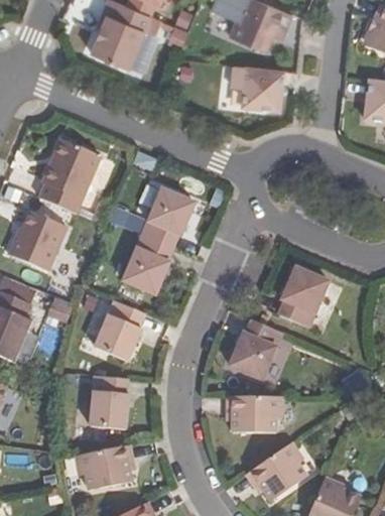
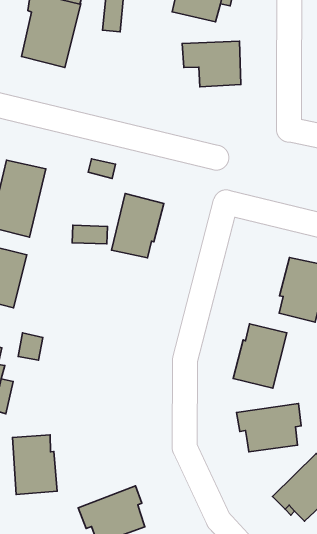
building: [122,235,171,295] -> none
building: [94,300,144,361] -> none
building: [89,376,128,429] -> [12,435,57,494]

